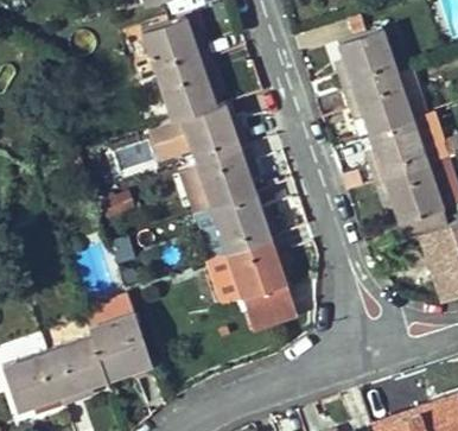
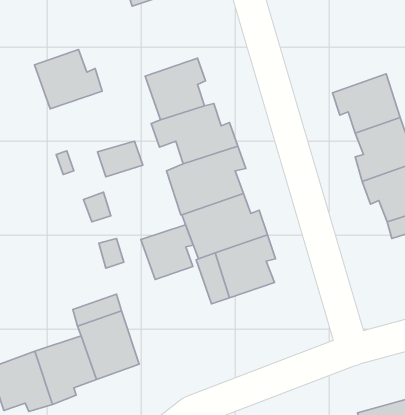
building: [142,18,210,77] -> [35,50,102,109]
building: [337,30,399,94] -> none
building: none -> [141,225,193,279]
building: [242,284,298,330] -> none

